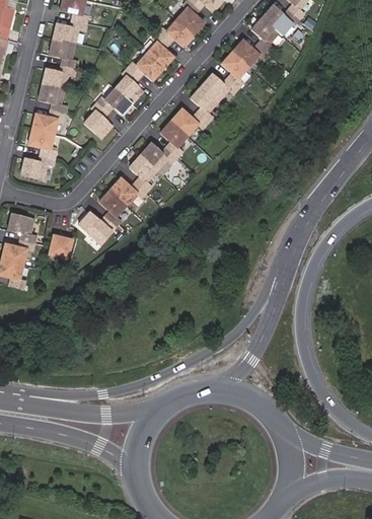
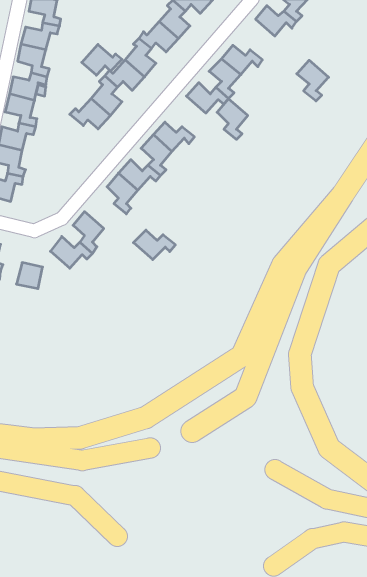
building: [250,17,279,54] -> [297,60,329,101]
building: none -> [82,44,122,75]
building: [190,86,217,123] -> [217,99,248,139]
building: [83,102,111,138] -> none
building: [108,178,146,205] -> [133,230,175,260]

